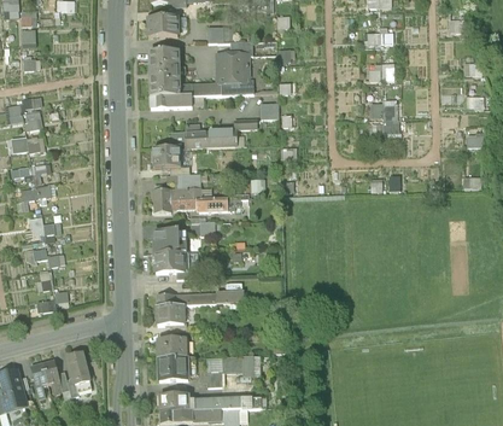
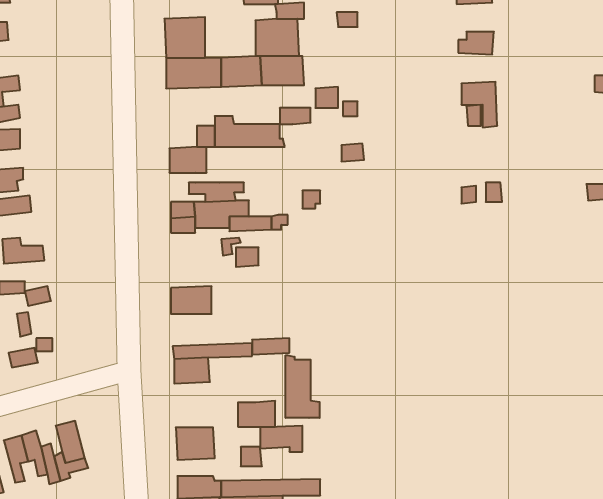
building: [154,234,191,253] -> none
building: none -> [286,355,320,418]
building: [158,338,186,357] -> [238,401,275,427]

